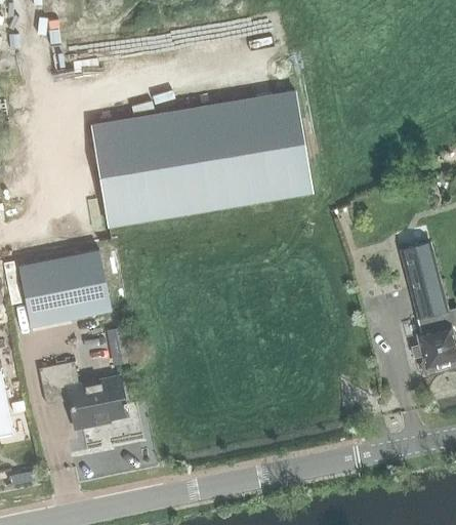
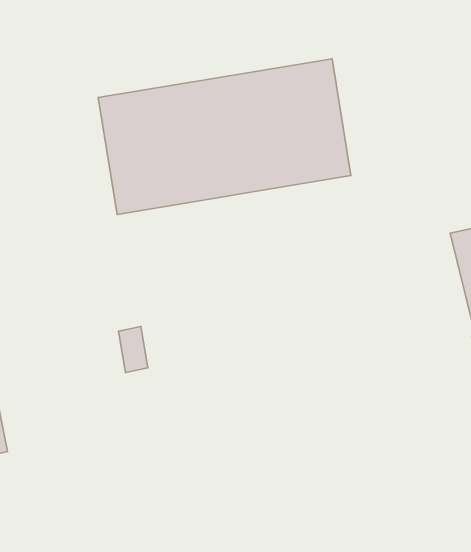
building: [17,250,111,327] -> none
building: [39,363,127,430] -> none

